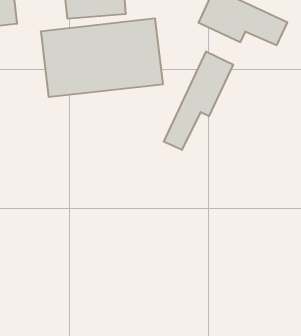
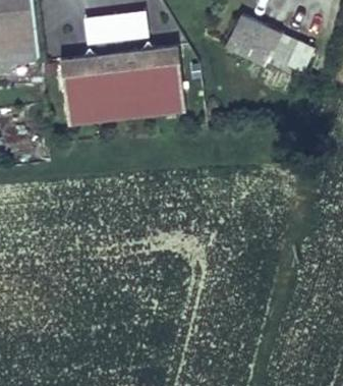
building: [164,51,233,150] -> none

